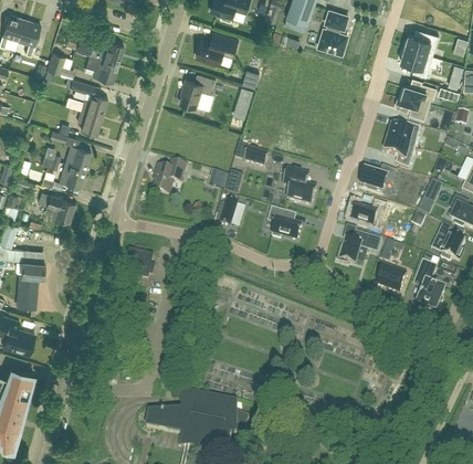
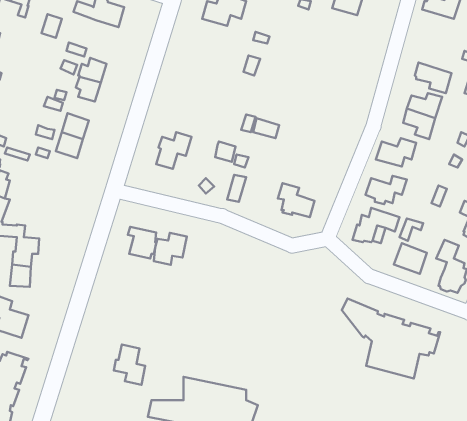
building: [400,48,432,76] -> none
building: [86,55,118,82] -> none
building: [180,74,216,107] -> none
building: [399,83,437,107] -> none
building: [283,170,317,207] -> none
building: [44,194,75,221] -> none
building: none -> [154,233,187,265]
building: none -> [342,298,440,379]
building: none -> [114,345,145,385]

